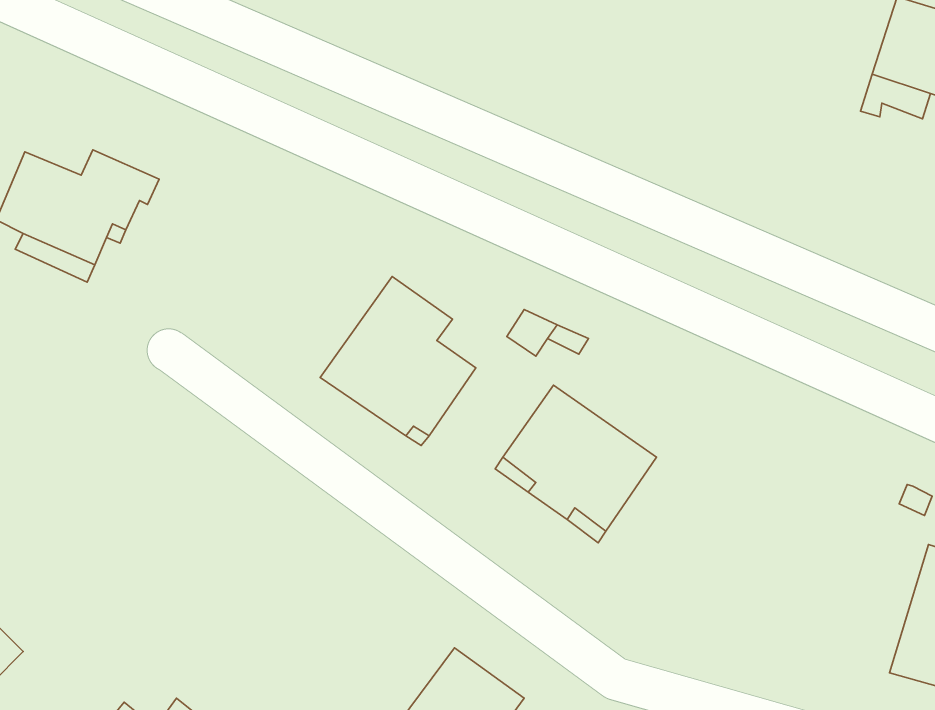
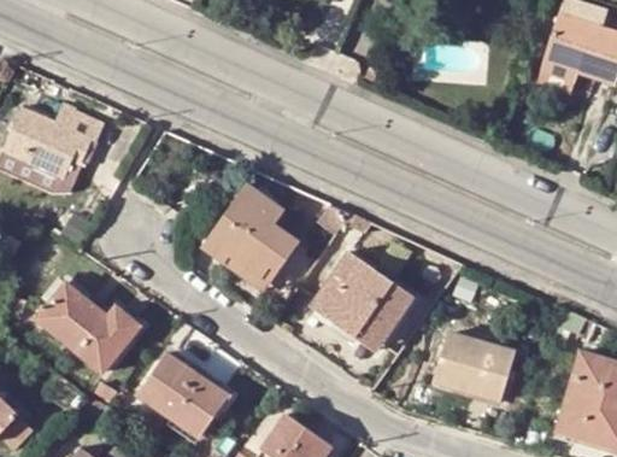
building: none -> [37,281,140,369]
building: none -> [434,333,515,400]
building: none -> [140,355,228,434]

